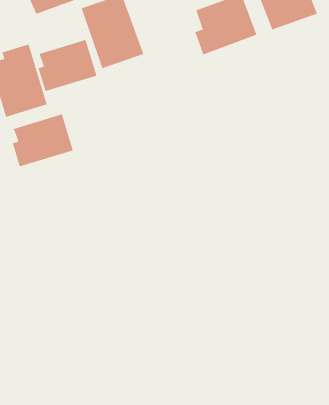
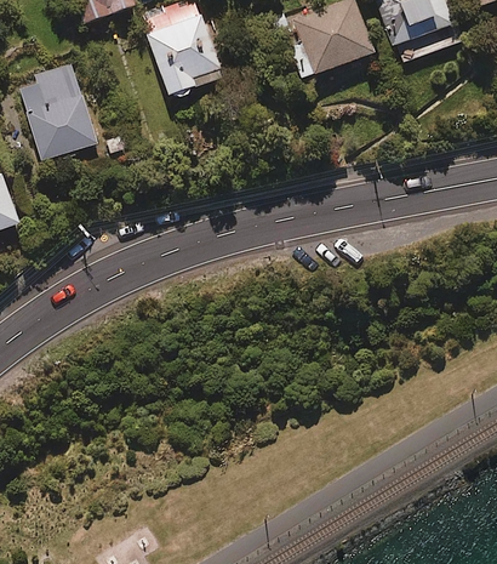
building: [38,39,97,92] -> none
building: [12,113,73,167] -> none

